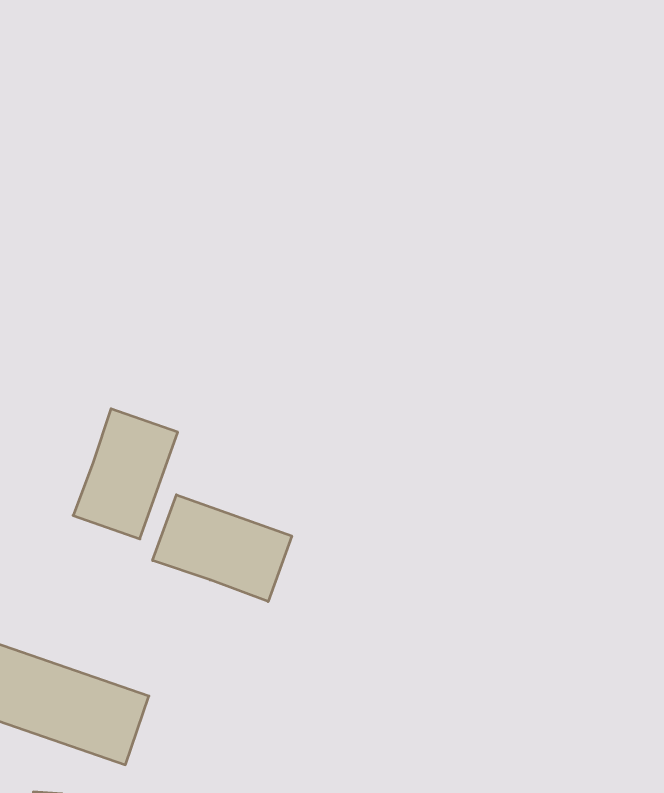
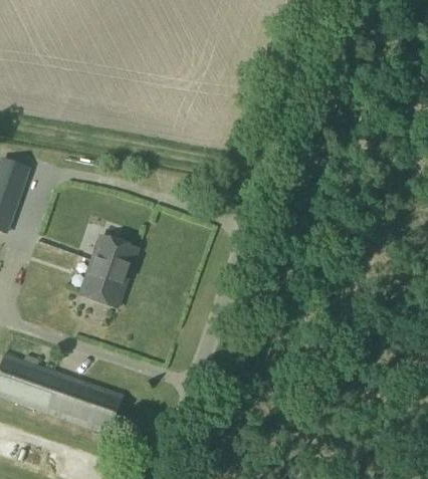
building: [153,495,292,602] -> none

